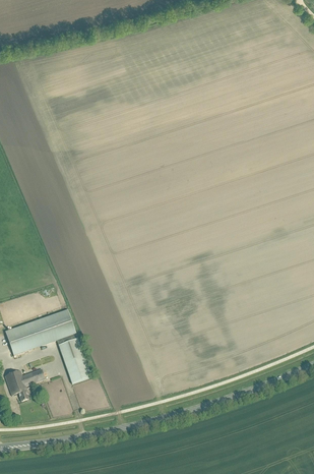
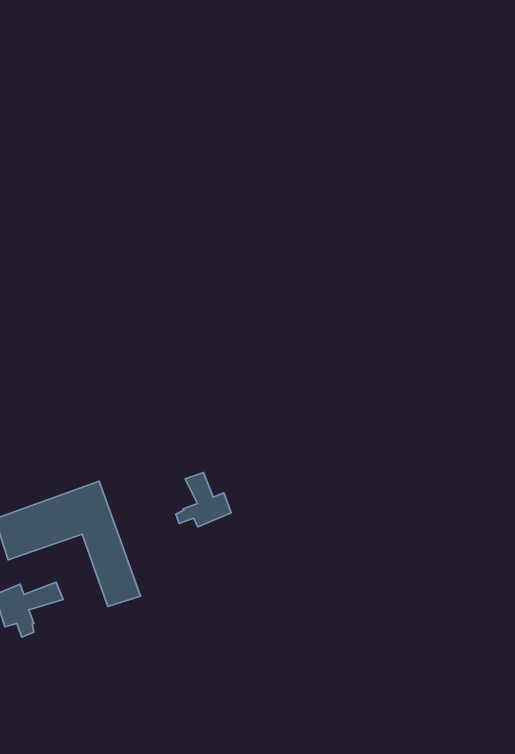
building: none -> [176,472,231,527]

